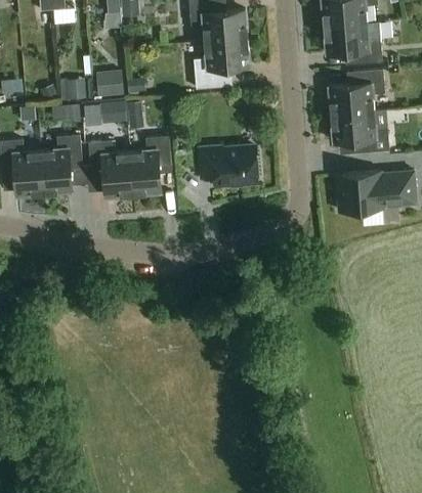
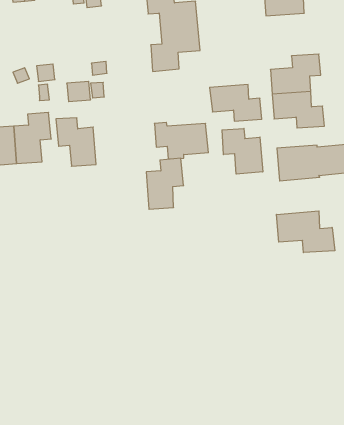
building: [324,24,382,64] -> [210,85,262,121]
building: [96,71,124,96] -> none
building: [130,136,172,193] -> [146,158,184,209]
building: none -> [222,128,263,174]
building: none -> [276,211,335,253]

